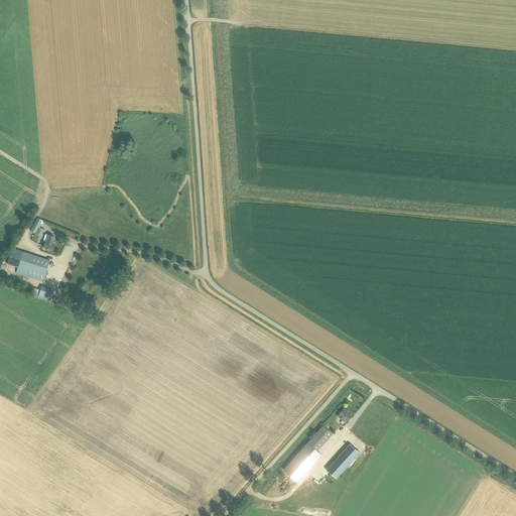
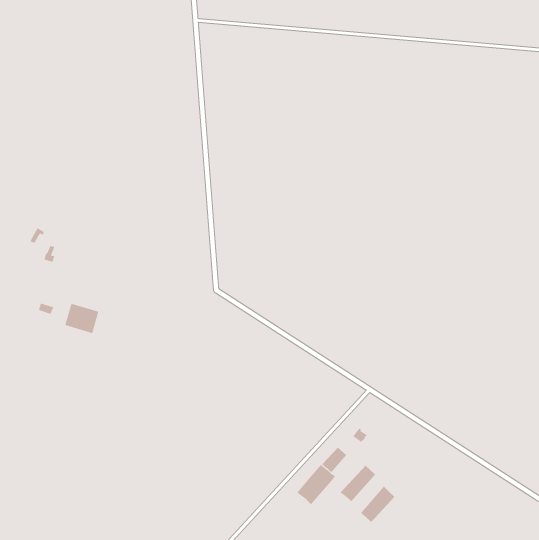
building: [14,251,47,280] -> [64,303,99,334]
building: none -> [360,486,395,523]

